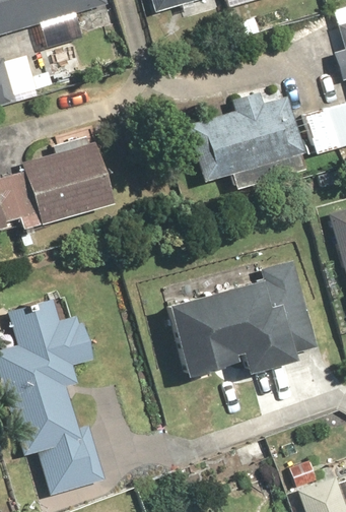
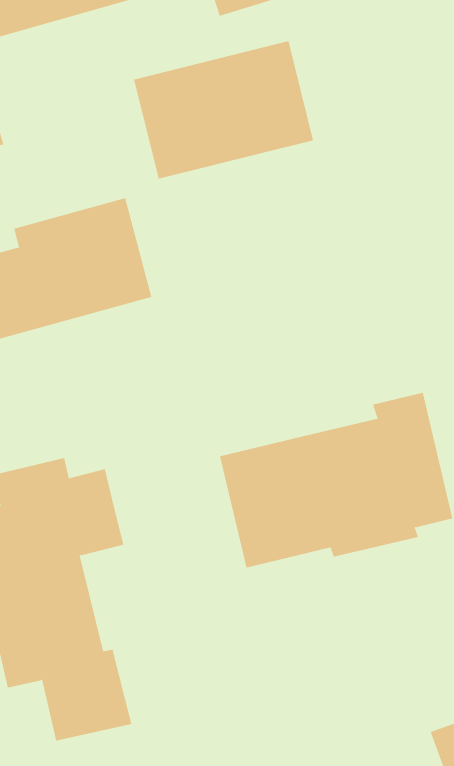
building: [188,92,305,183] -> [133,41,314,179]

